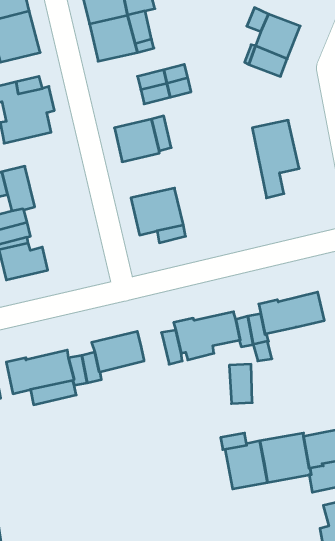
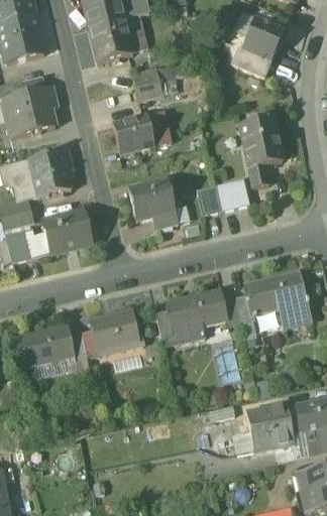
building: none -> [29,148,73,198]
building: none -> [197,178,249,215]
building: none -> [42,210,91,254]
building: none -> [280,300,311,326]

